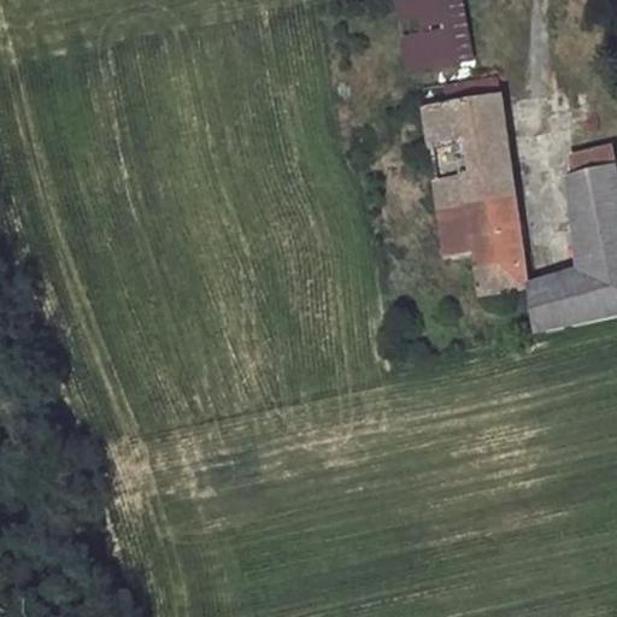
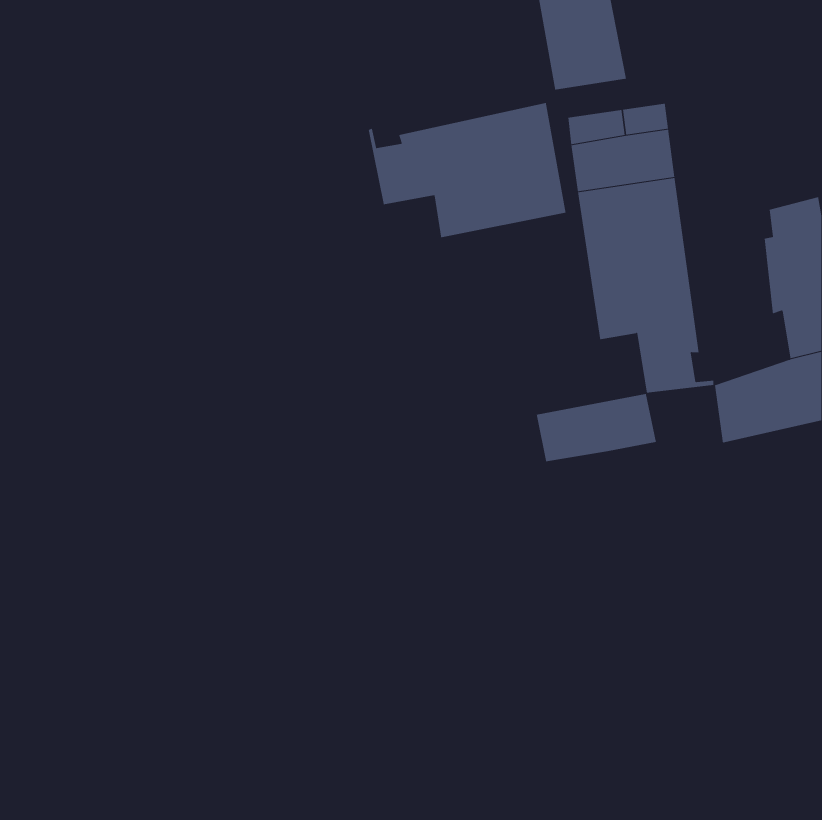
building: none -> [368,102,566,238]
building: none -> [536,393,657,462]

